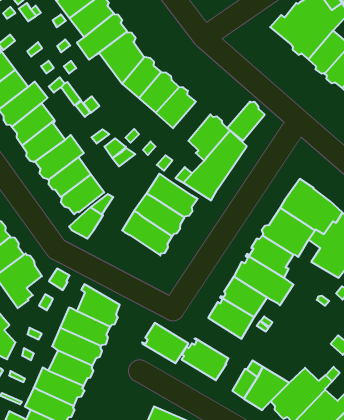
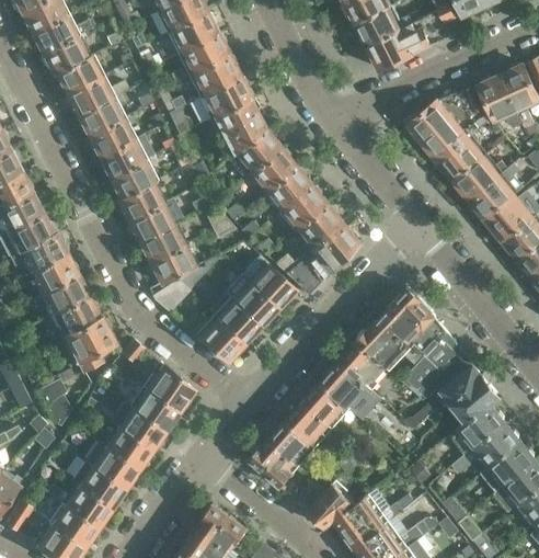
building: [227,102,265,141] -> [282,186,324,227]
building: none -> [195,317,244,362]
building: [142,323,188,363] -> [266,420,316,467]

